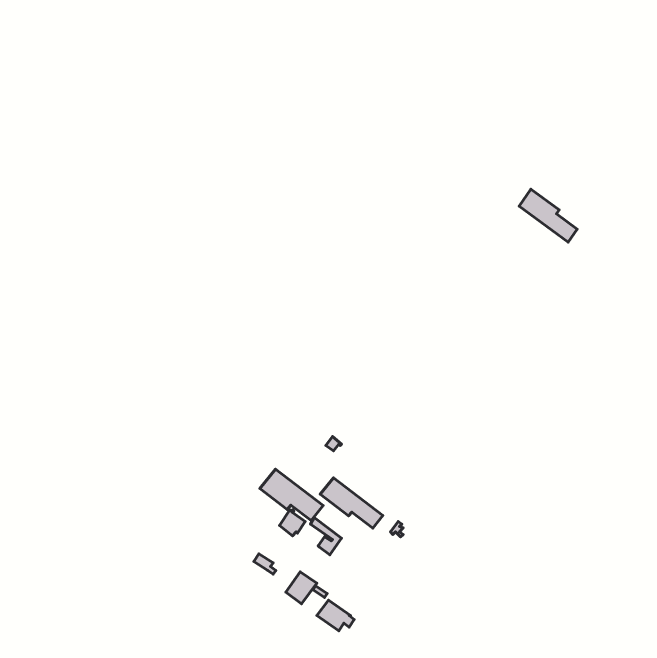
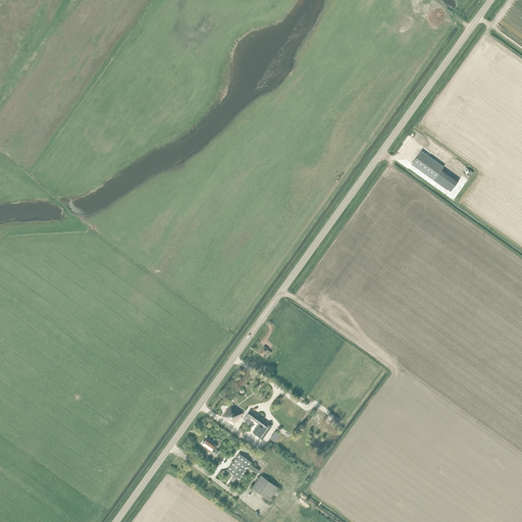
building: [260,469,323,520] -> none
building: [320,478,383,528] -> none

